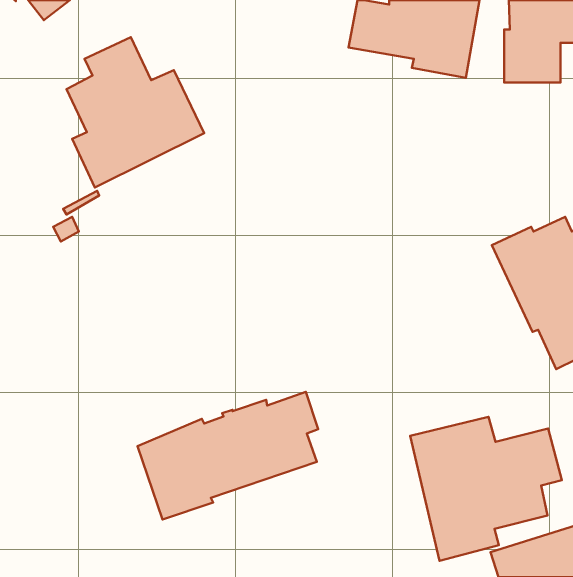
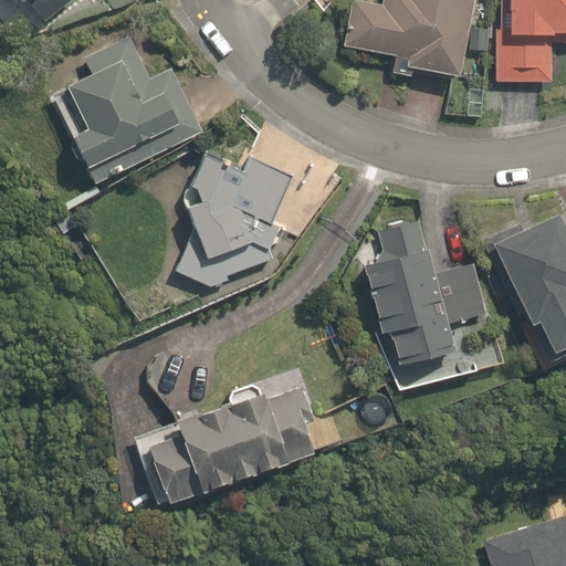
building: none -> [171,156,294,289]
building: none -> [365,220,488,363]
building: [410,417,562,561] -> none

